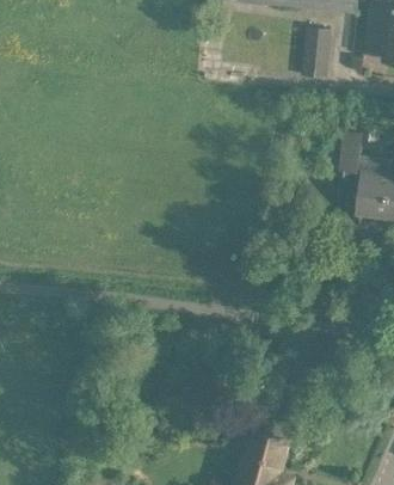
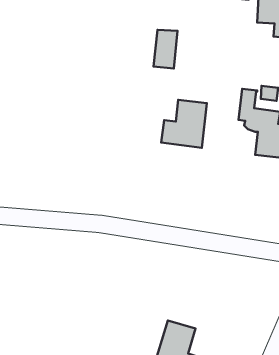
building: [301,31,332,81] -> [154,30,178,68]
building: none -> [161,100,207,148]

